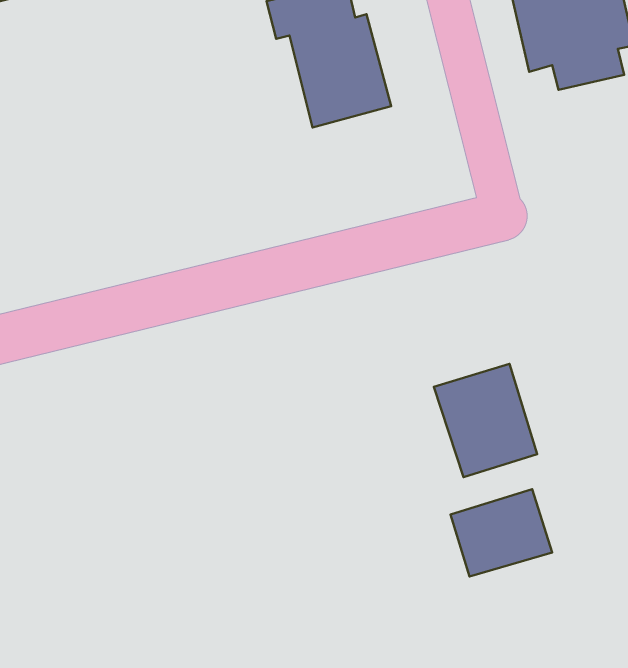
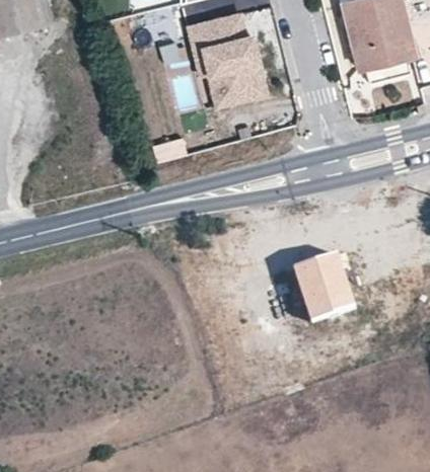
building: [450,489,552,577] -> none

